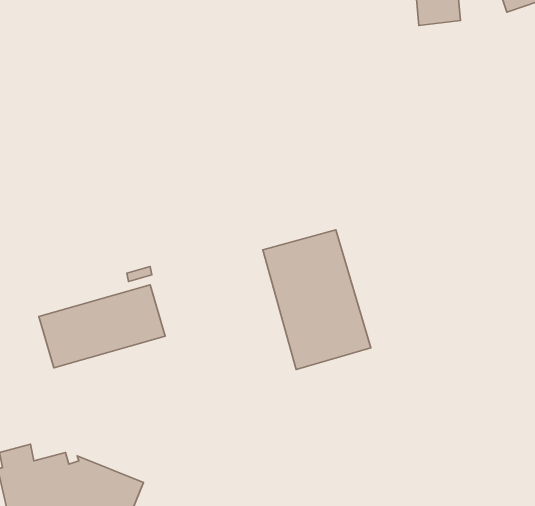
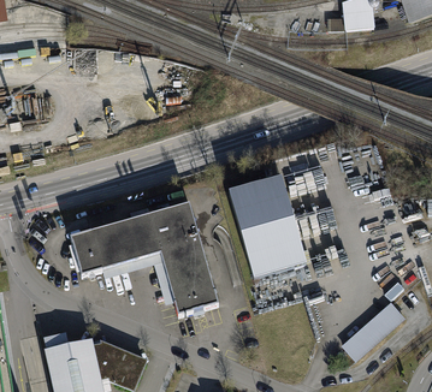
building: none -> [149,203,218,316]
building: none -> [337,301,403,363]

